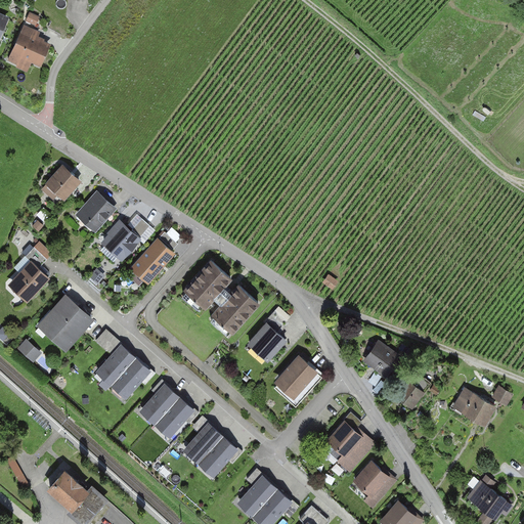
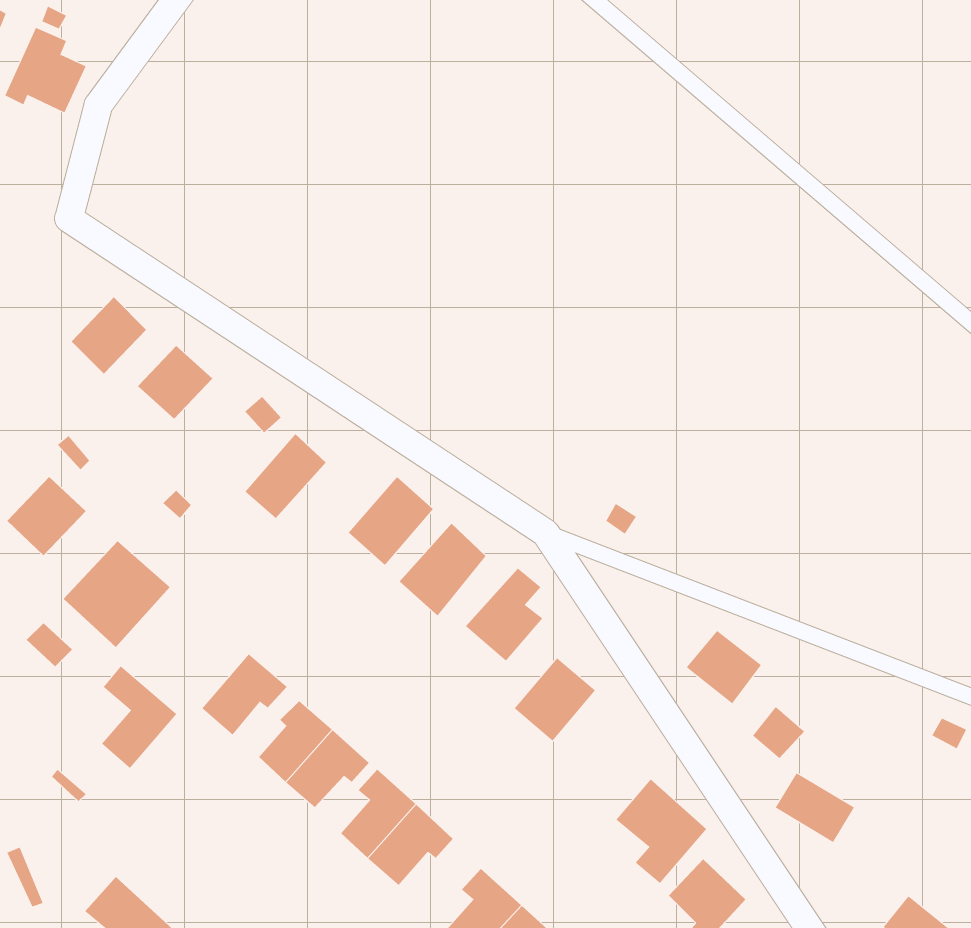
building: [100,222,139,261] -> none
building: [93,329,133,383] -> [101,665,177,769]
building: [453,388,495,425] -> [775,772,855,843]

